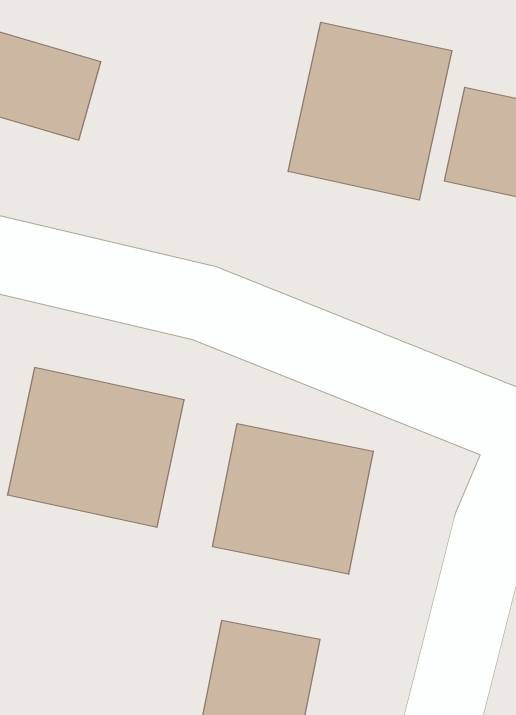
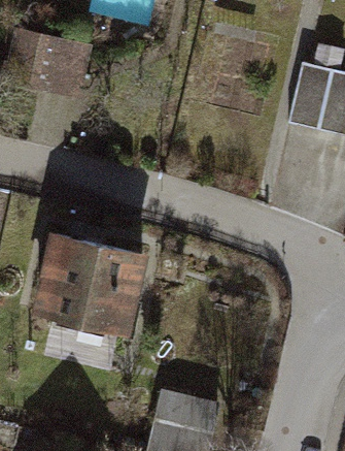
building: [288,22,452,200] -> none
building: [213,424,373,574] -> none

